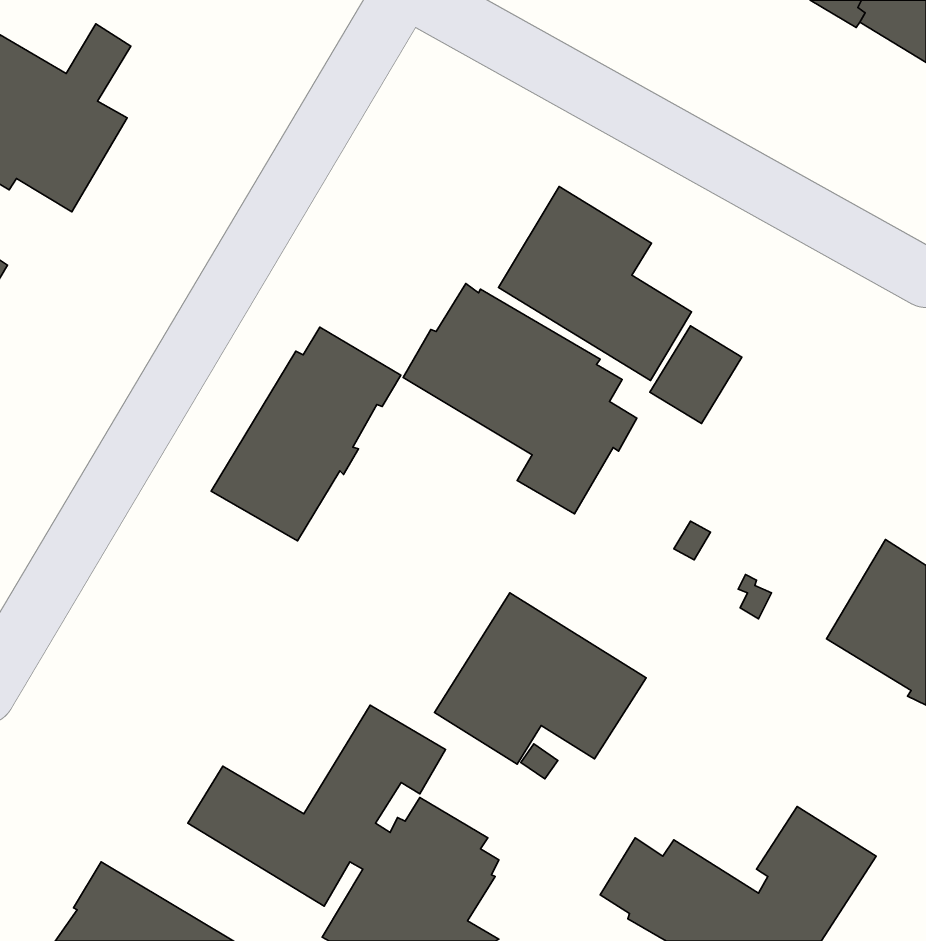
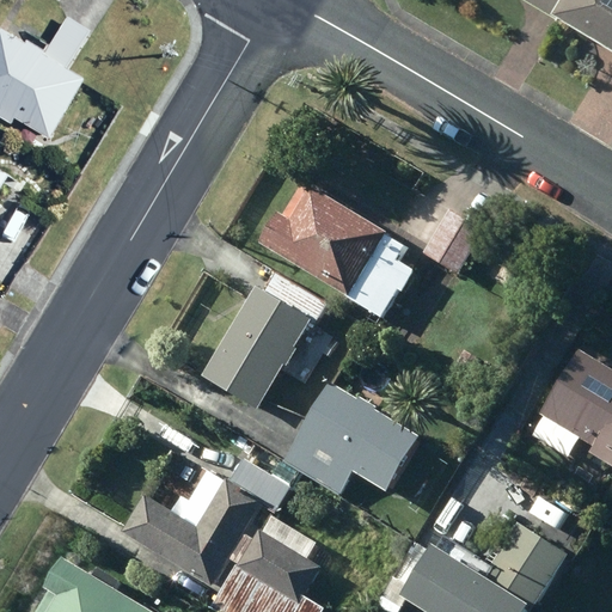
building: [499,186,691,380] -> none
building: [211,327,401,541] -> [202,271,325,410]

